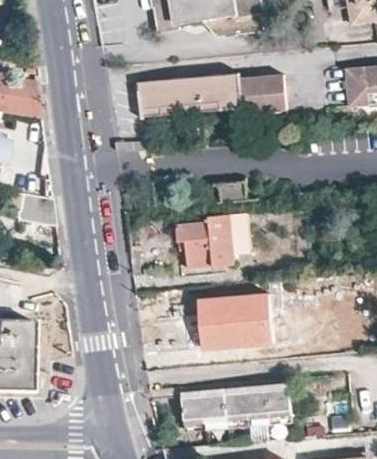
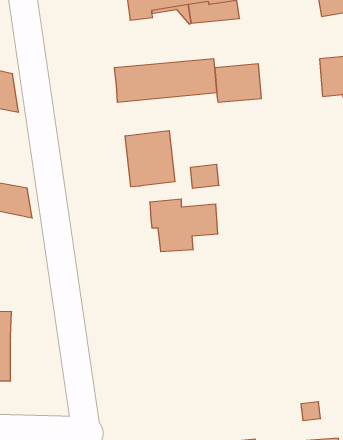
building: none -> [125,131,175,187]
building: [197,291,270,345] -> none
building: [179,375,289,428] -> none

